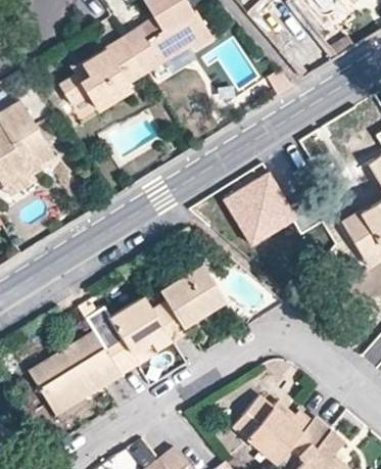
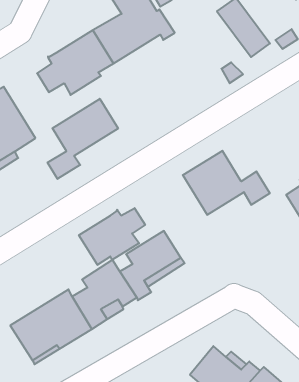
building: none -> [48,99,118,179]
building: none -> [79,208,145,265]

